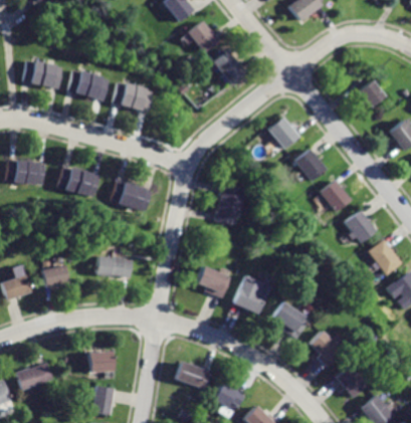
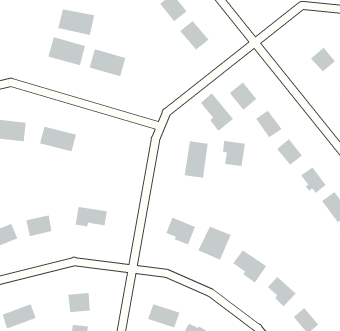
building: [22,59,63,88] -> [58,9,95,35]
building: none -> [200,92,234,132]
building: [111,181,151,211] -> none
building: none -> [223,140,245,167]

